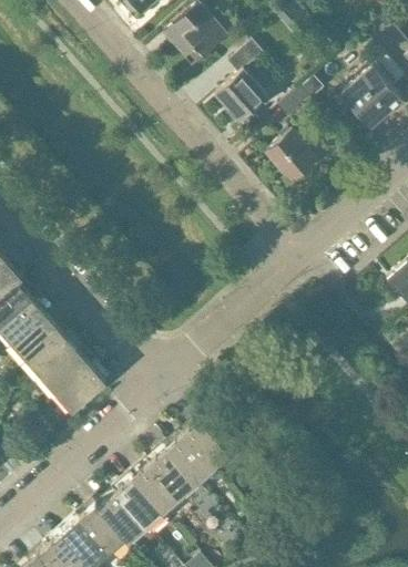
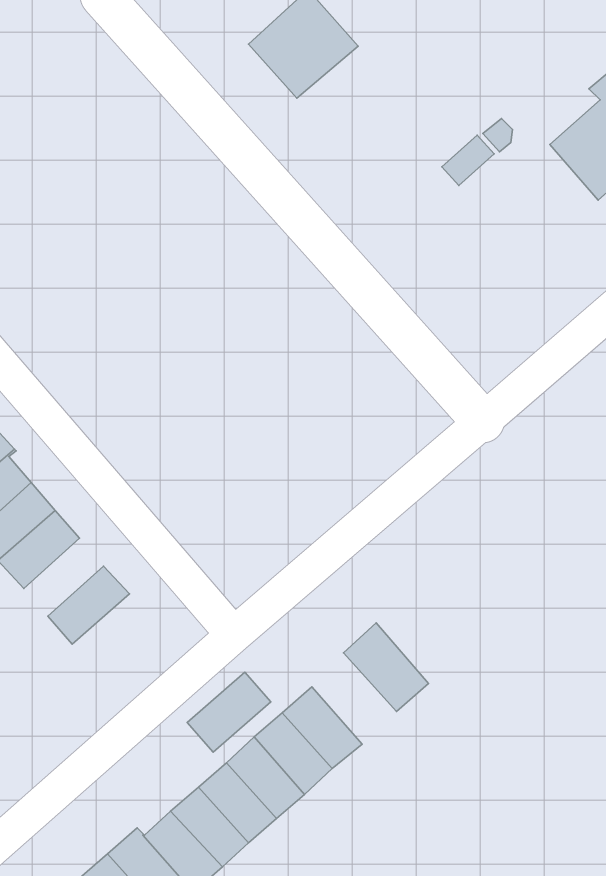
building: [214,44,267,124] -> none
building: [266,132,316,182] -> none
building: [28,331,75,378] -> none
building: [57,364,106,412] -> [187,672,271,752]
building: none -> [344,623,429,711]

